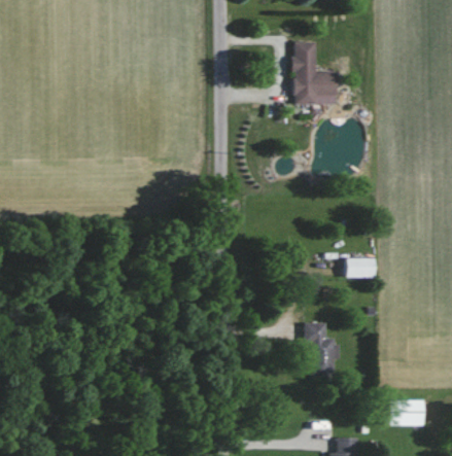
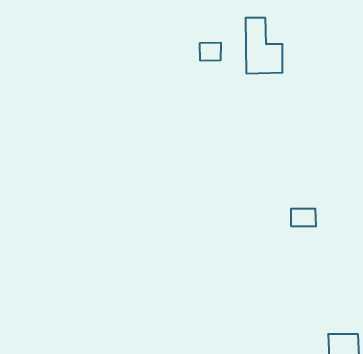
building: none -> [200,43,221,61]
building: [307,322,339,375] -> none

